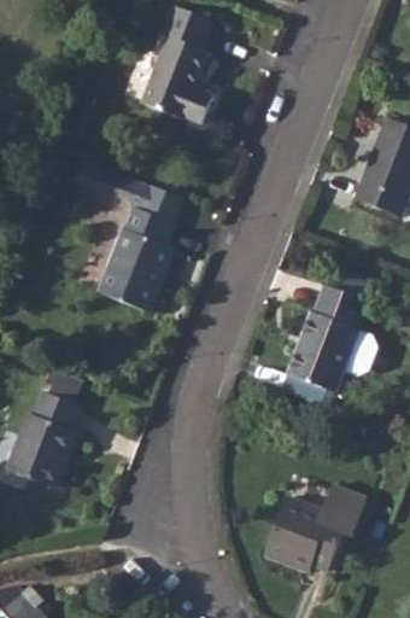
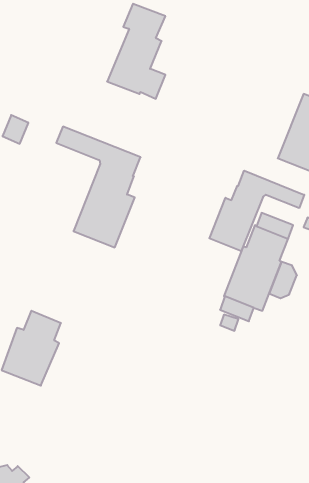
building: none -> [209,171,304,251]
building: [263,485,365,572] -> none

